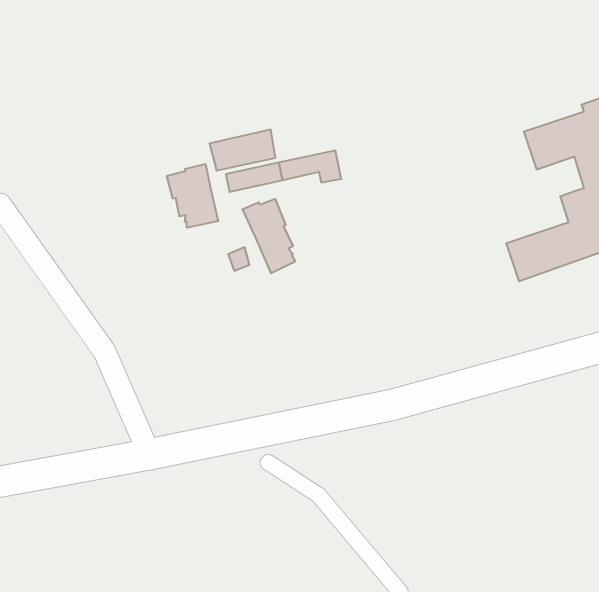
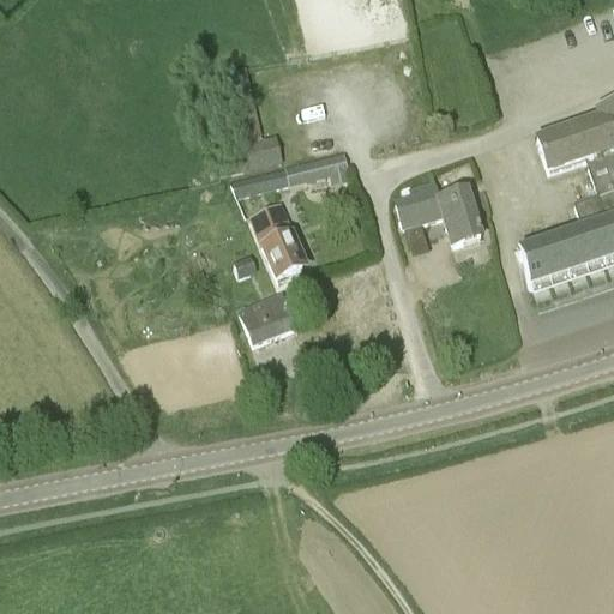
building: [167,164,218,228] -> none
building: none -> [397,177,481,243]
building: none -> [240,294,295,344]

